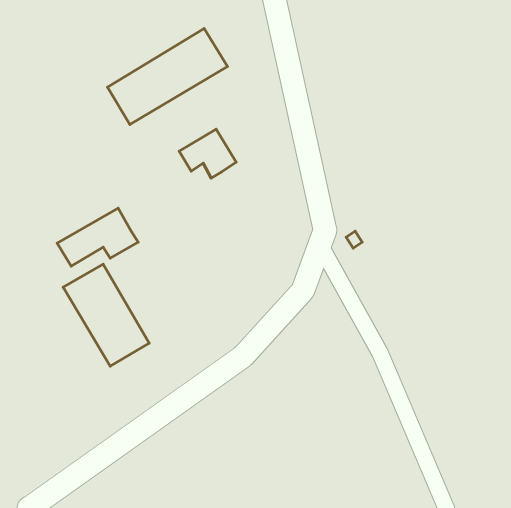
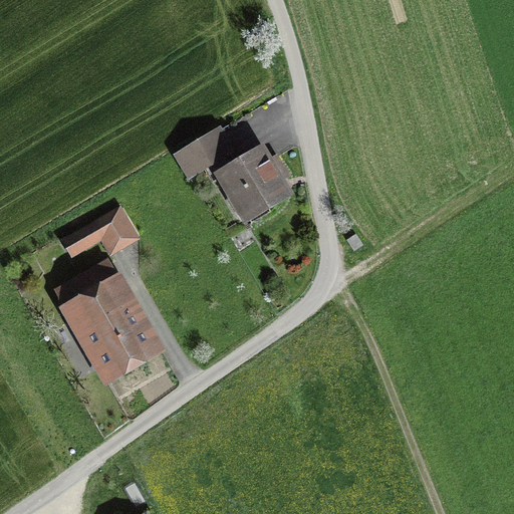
building: [107,29,228,125] -> none
building: none -> [222,149,286,215]

